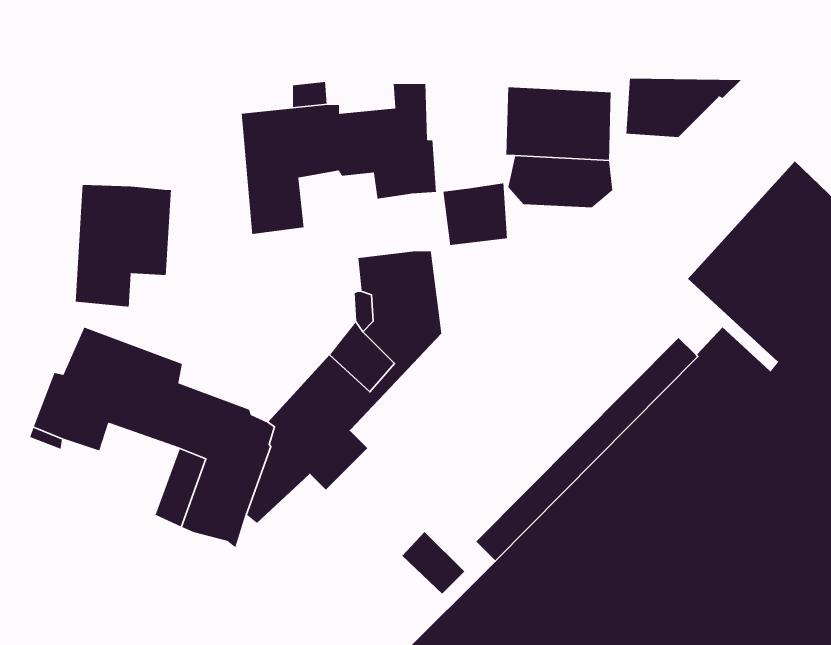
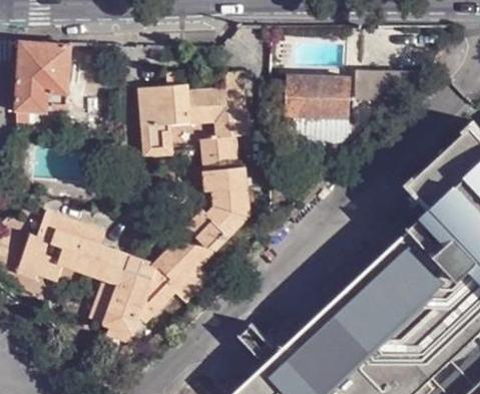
building: [442,182,508,246] -> [201,136,238,172]
building: [75,184,172,307] -> [16,43,71,113]

